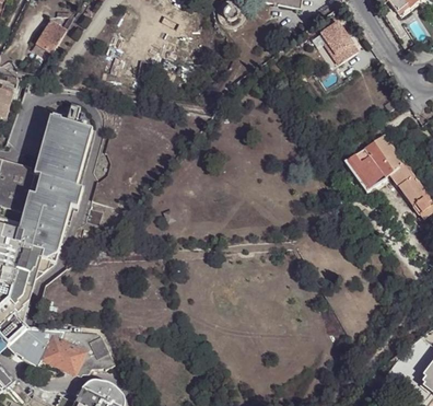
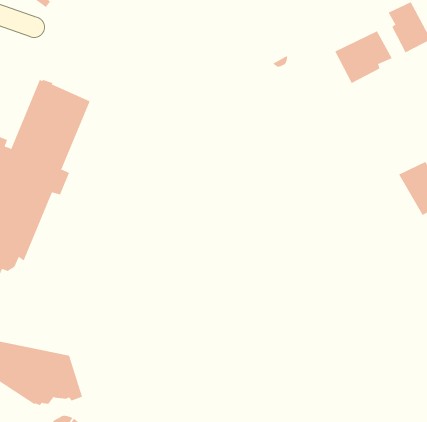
building: none -> [335,30,393,84]

